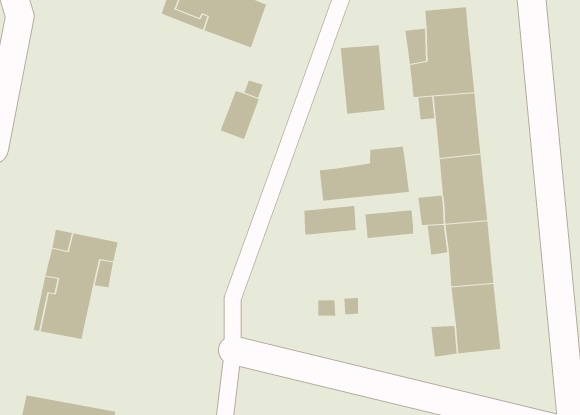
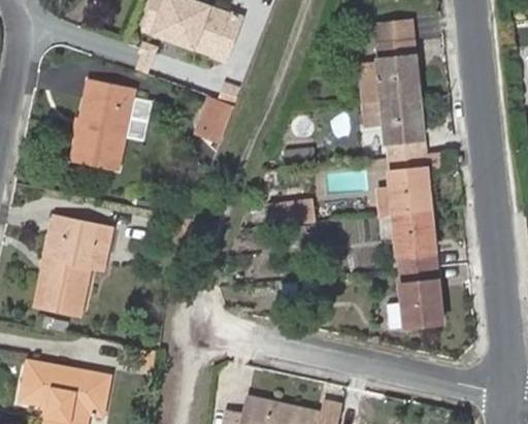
building: [340,45,385,115] -> none
building: none -> [71,83,133,169]
building: [319,146,409,202] -> none
building: [365,210,414,239] -> none

